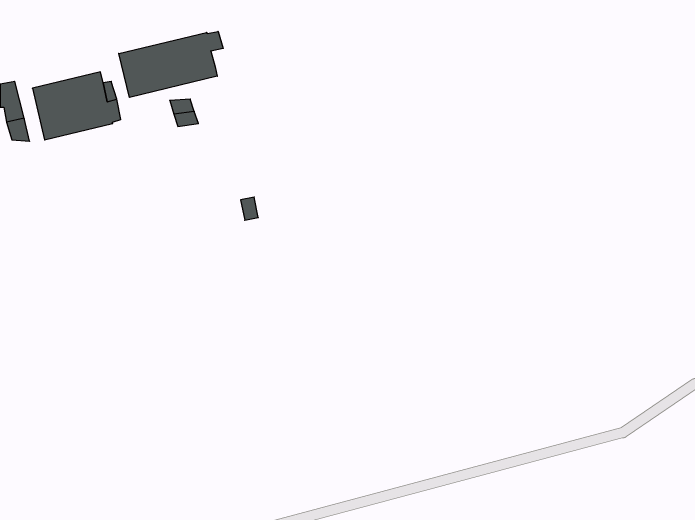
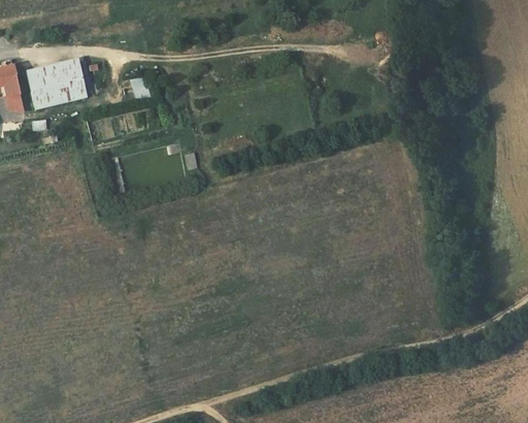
building: [119,31,223,97] -> none

